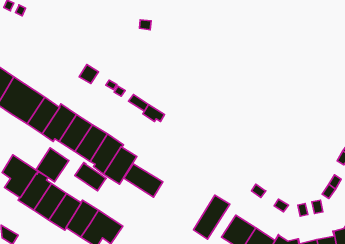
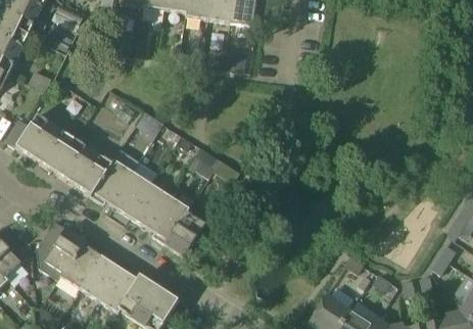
building: [36,148,69,182] -> none
building: [75,163,106,191] -> none
building: [124,164,163,197] -> none
building: [193,195,230,239] -> none

